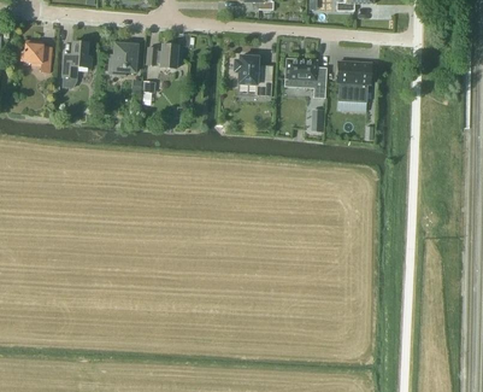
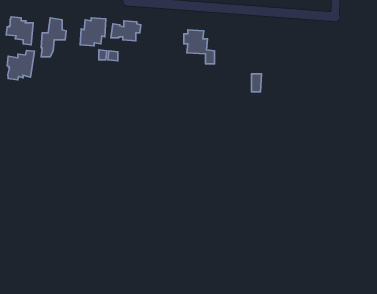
building: [284,58,325,96] -> none
building: [336,60,371,101] -> none
building: none -> [7,50,34,80]

